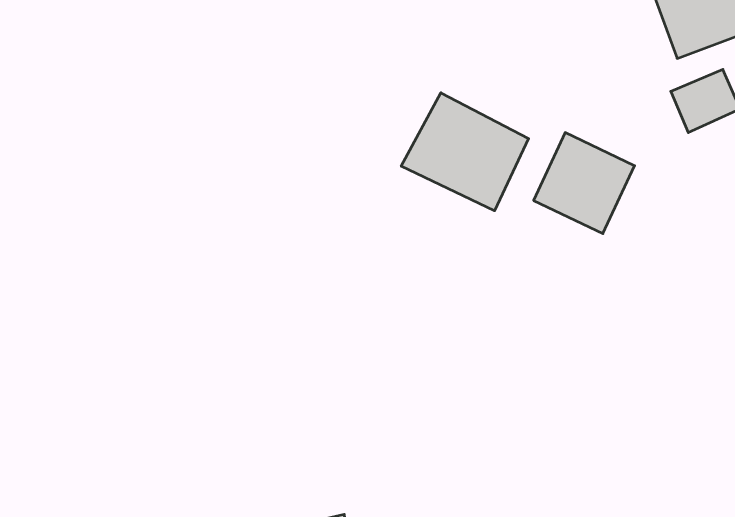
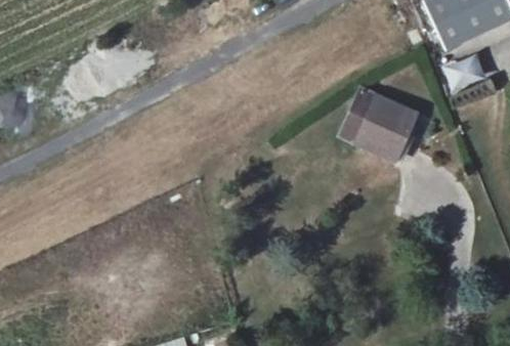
building: [401,93,529,211] -> none

